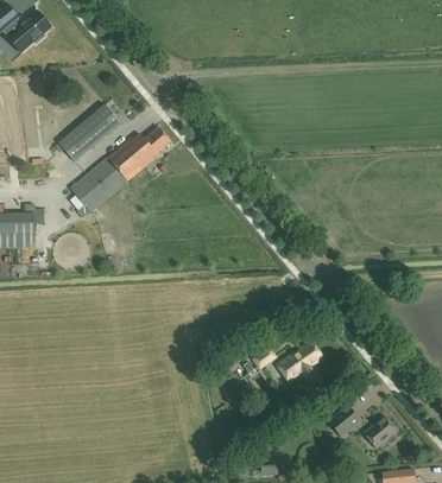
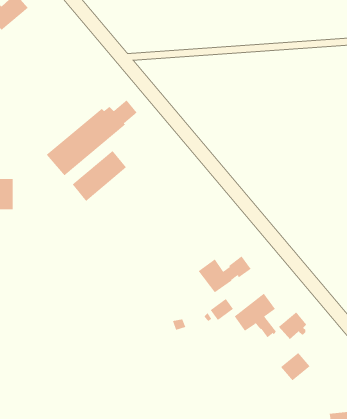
building: [59,104,120,161] -> [72,150,127,202]
building: none -> [198,256,251,293]
building: [364,417,396,447] -> [278,312,307,340]

